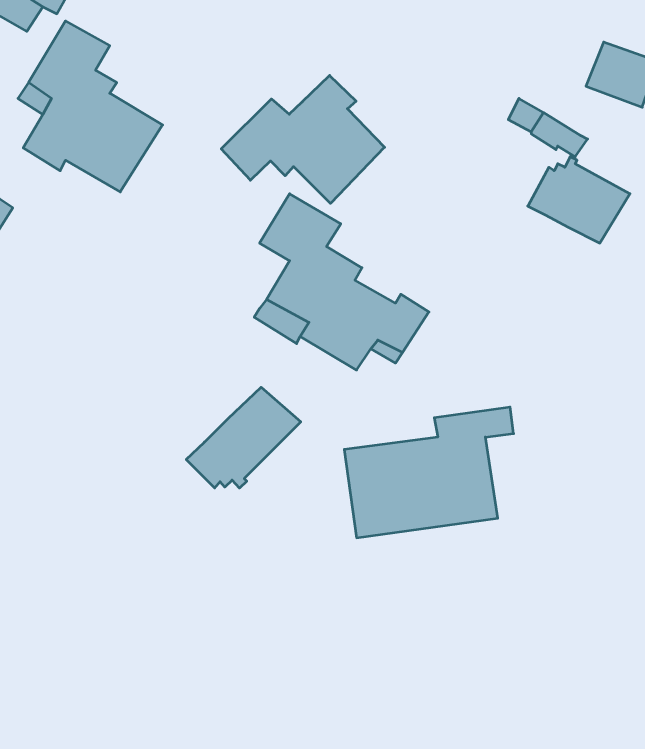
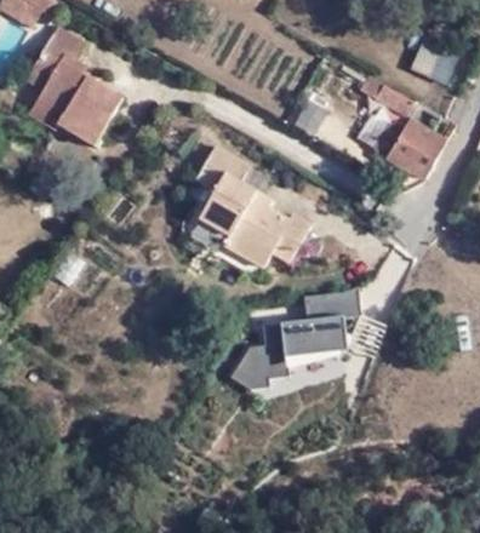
building: [221,75,385,203] -> none
building: [186,387,301,488] -> none

